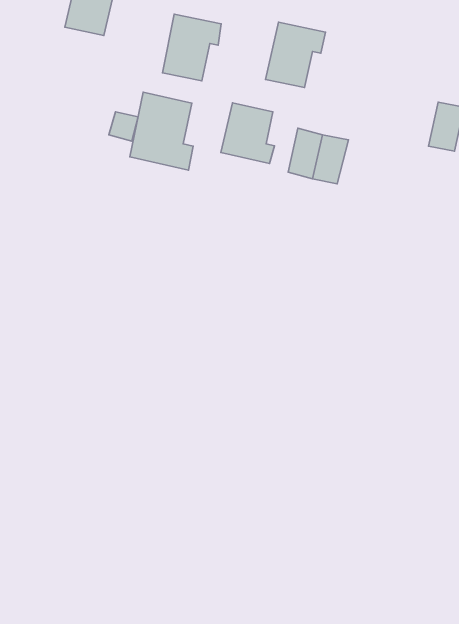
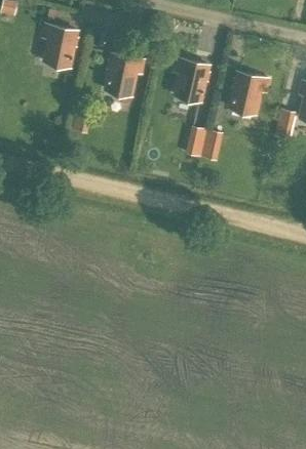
building: none -> [230,73,268,115]
building: [130,92,193,170] -> none
building: [221,103,274,163] -> none

